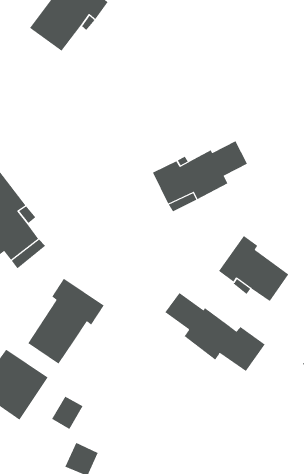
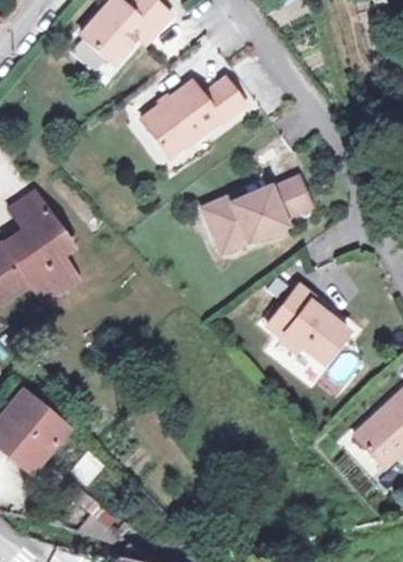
building: none -> [142,77,247,155]
building: [27,278,105,365] -> none
building: [164,292,266,372] -> none

